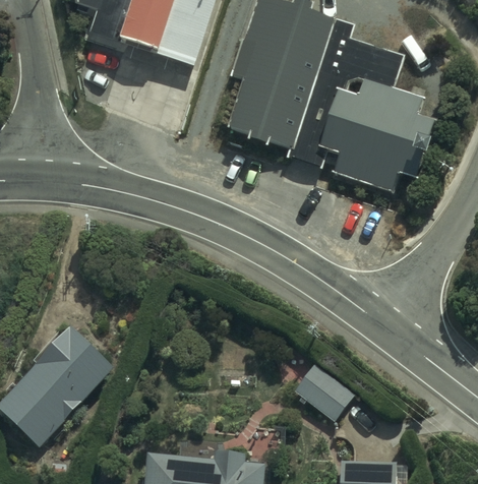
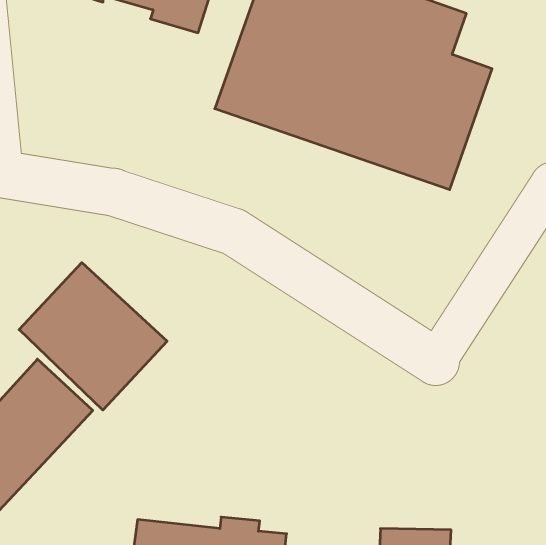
building: none -> [19,263,167,410]
building: [294,364,356,423] -> none

